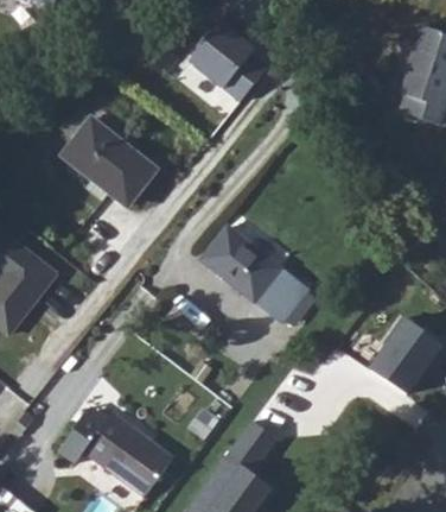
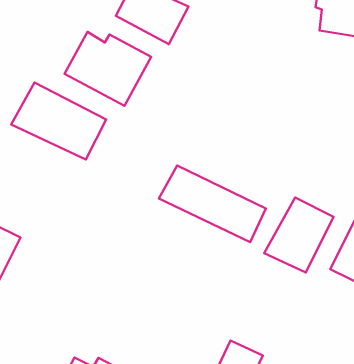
building: none -> [64,32,151,106]
building: none -> [264,198,334,272]

